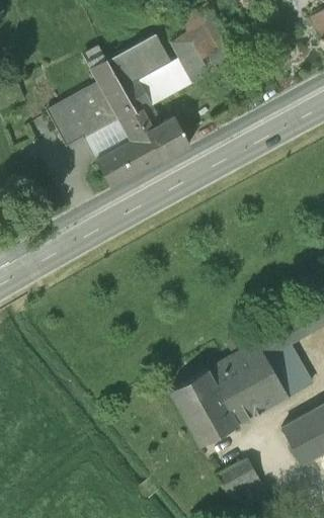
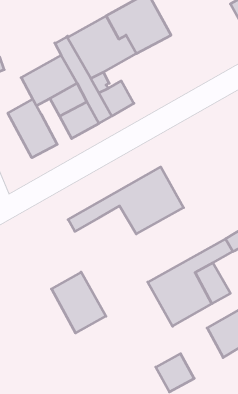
building: none -> [8,99,57,158]
building: none -> [68,167,184,234]
building: [170,369,239,446] -> [51,272,106,333]

